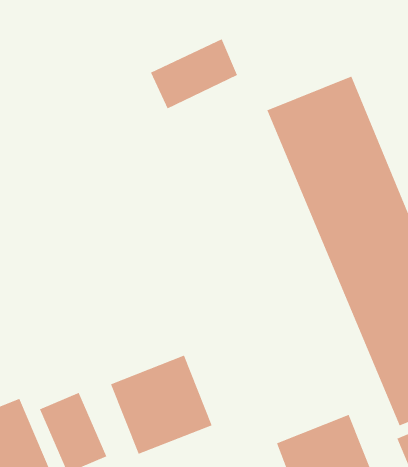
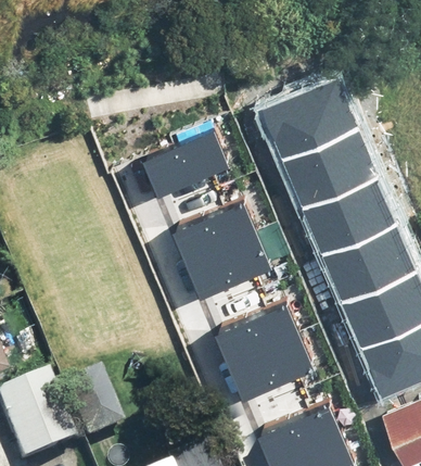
building: [150,39,238,109] -> [160,125,238,188]
building: none -> [188,201,278,289]
building: [110,355,212,455] -> [228,299,319,388]

